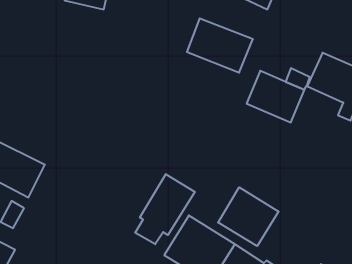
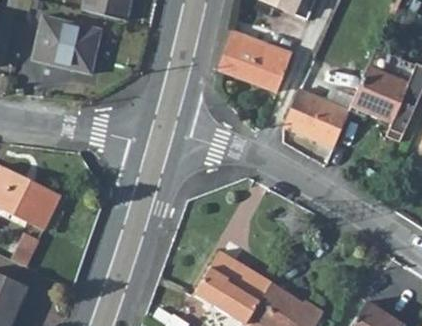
building: none -> [32,17,100,73]
building: [135,174,195,244] -> none
building: [218,187,279,246] -> none

